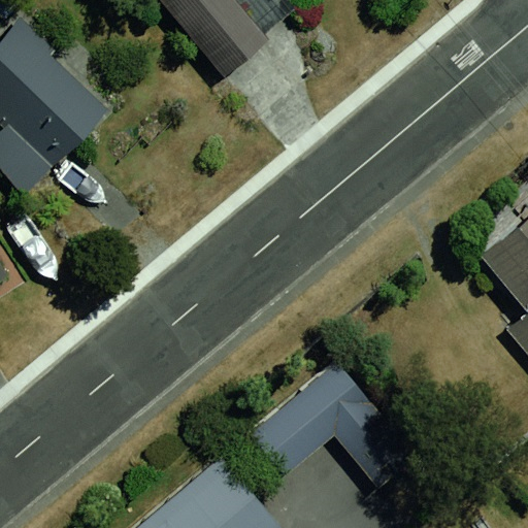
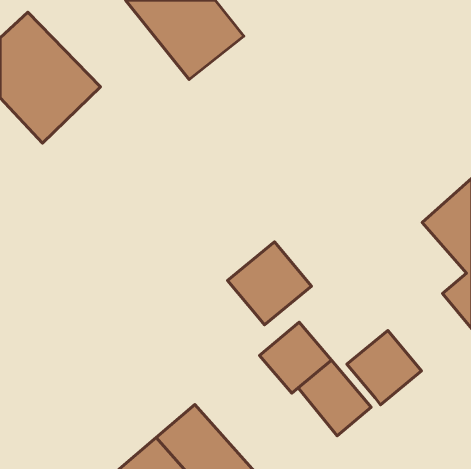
building: none -> [228,242,312,325]
building: none -> [347,330,422,405]
building: [245,400,327,480] -> none

